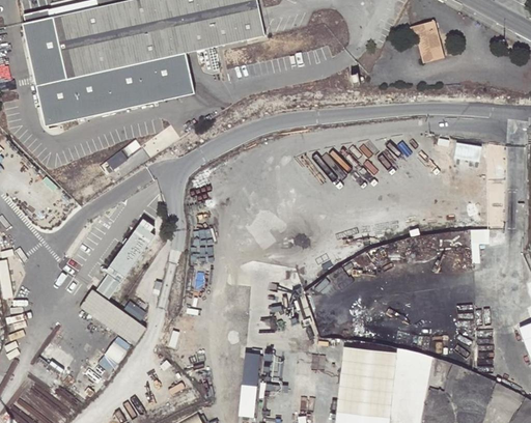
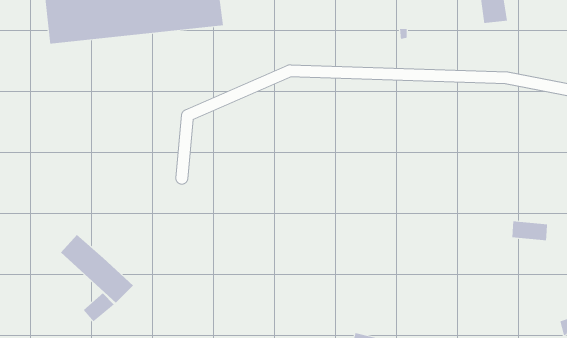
building: [95,223,155,300] -> none

